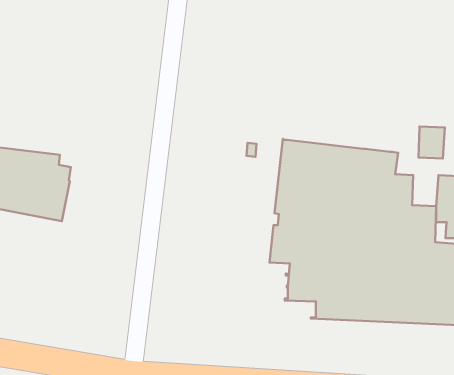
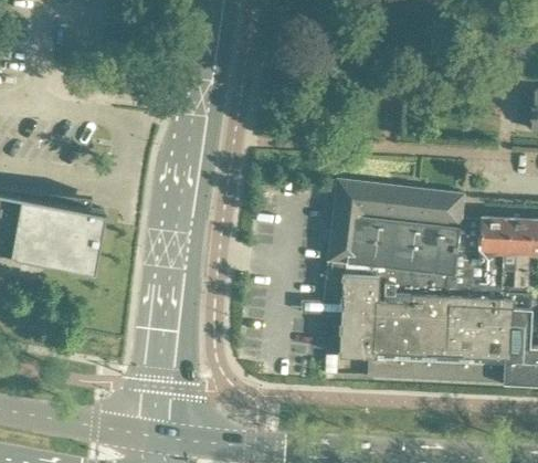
building: [419,126,445,159] -> [479,218,508,253]

